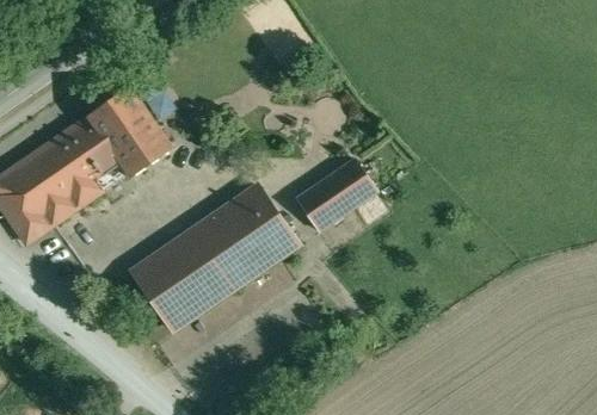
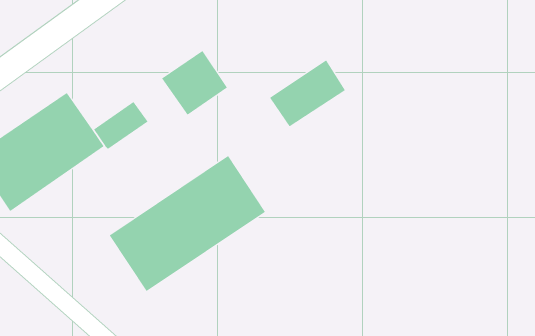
building: [87,88,158,157] -> [161,50,228,116]
building: [296,160,377,231] -> [269,60,346,127]

